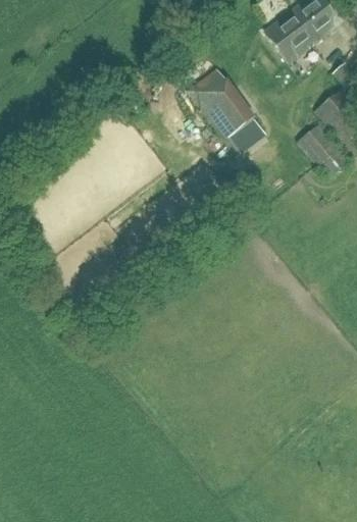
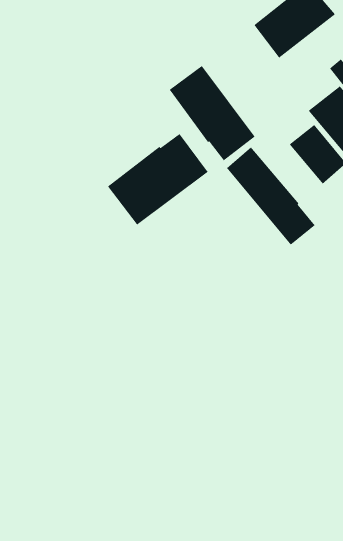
building: none -> [107,133,209,226]
building: none -> [226,147,315,246]

